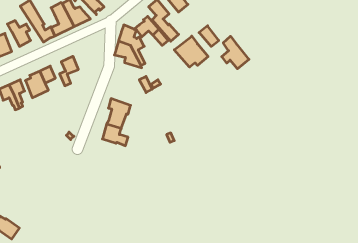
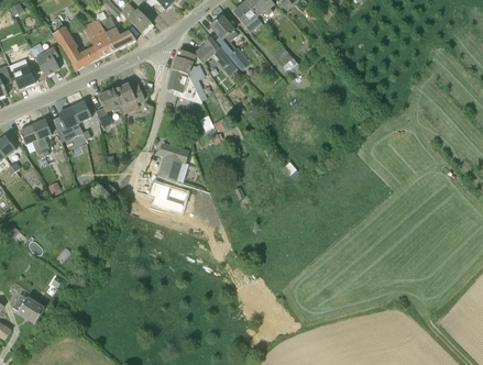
building: [174,36,208,67] -> none
building: [222,36,249,69] -> none
building: none -> [113,81,144,104]

